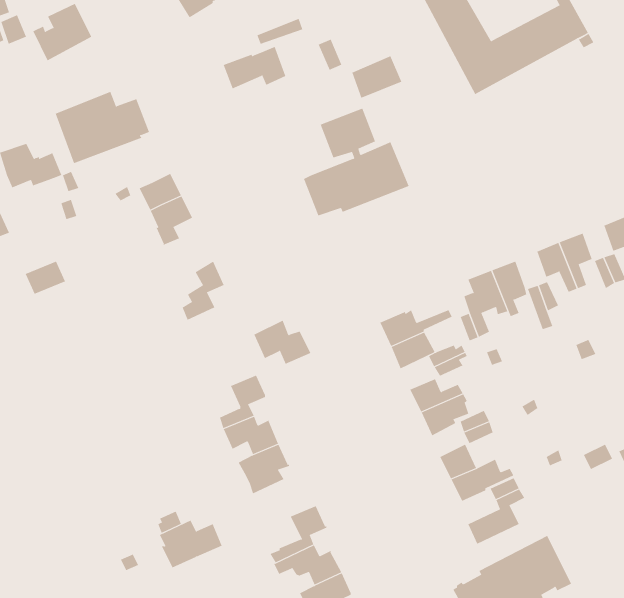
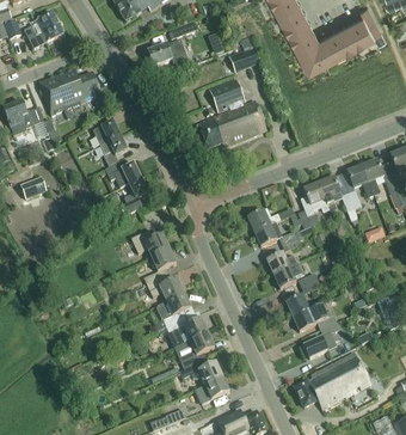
building: none -> [105,161,141,186]
building: [253,320,311,364] -> [131,227,168,256]
building: [159,520,223,568] -> [166,315,207,347]

